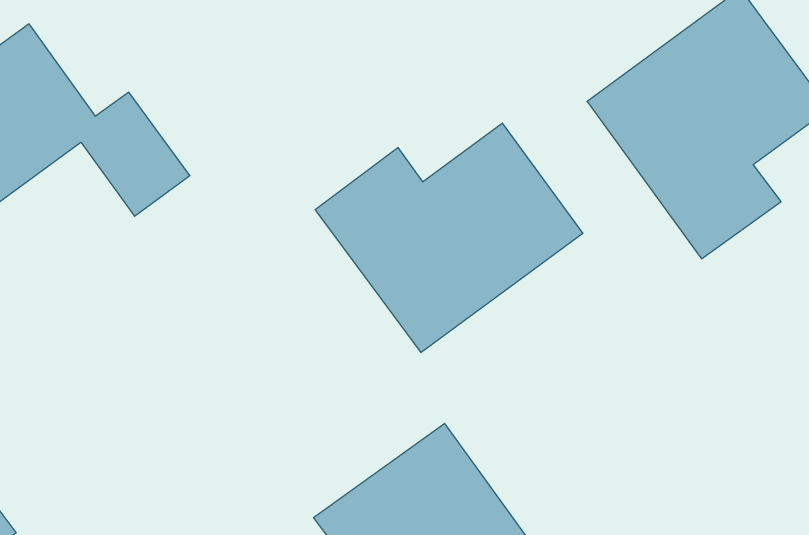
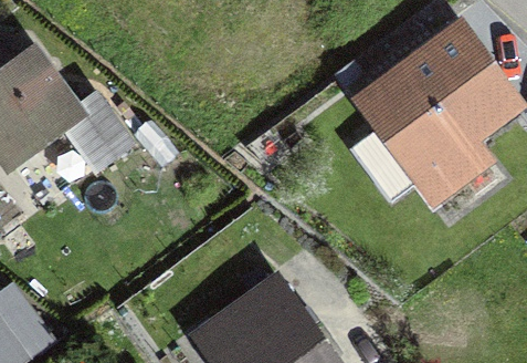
building: [315,123,583,353] -> none

